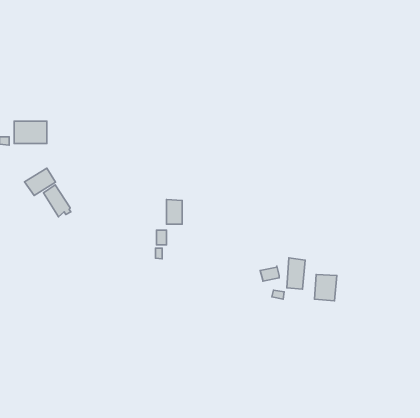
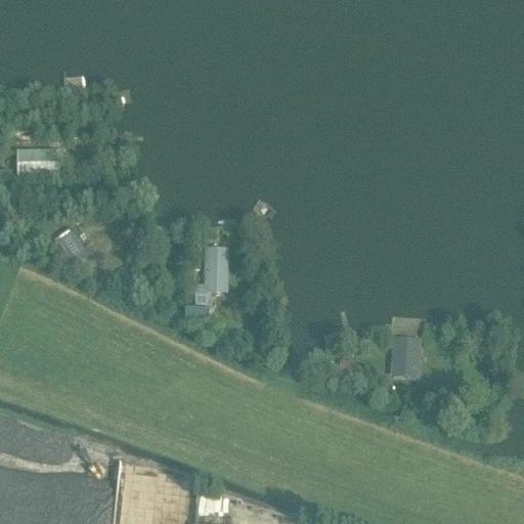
building: [25,168,55,196] -> none
building: [287,258,305,289] -> none

